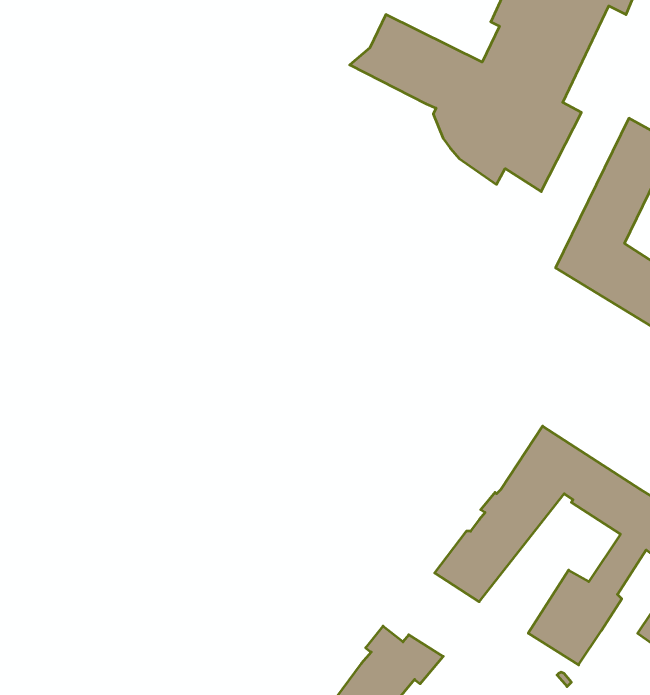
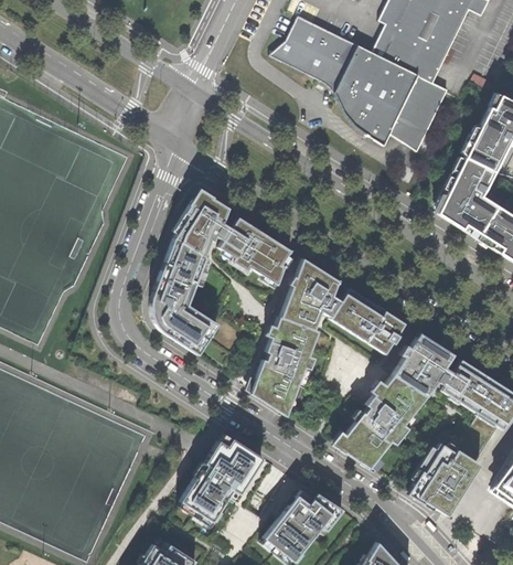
building: none -> [151,191,291,355]
building: none -> [252,258,405,413]
building: none -> [179,433,264,526]

